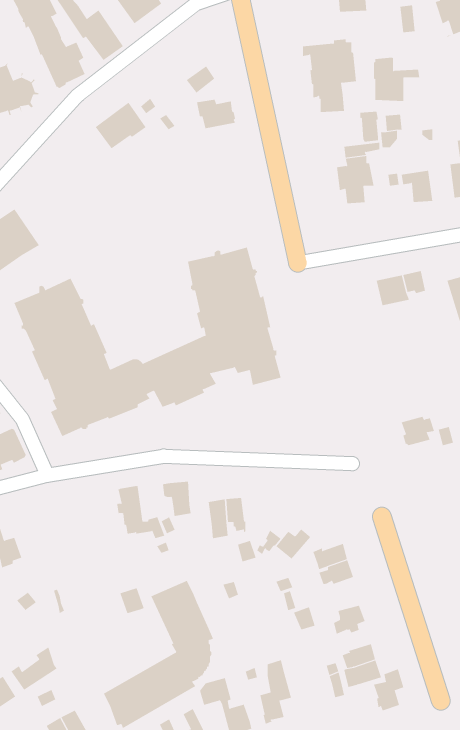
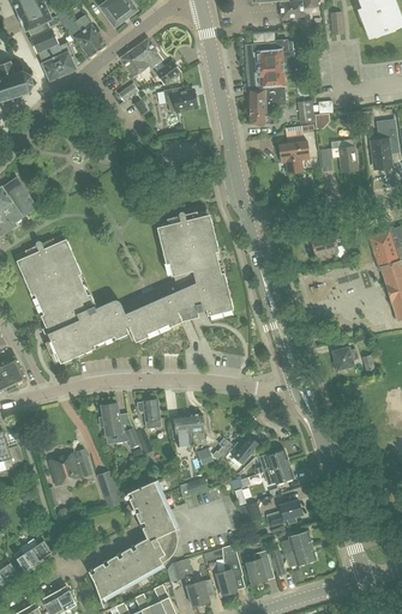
building: [373,57,420,102] -> [248,89,287,125]
building: [95,102,146,149] -> [120,38,162,77]
building: none -> [48,449,92,486]
building: [373,668,404,711] -> [245,549,270,584]

